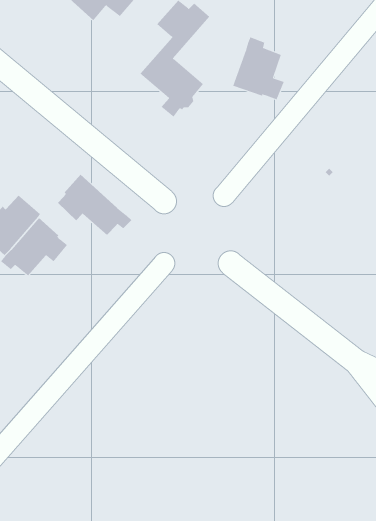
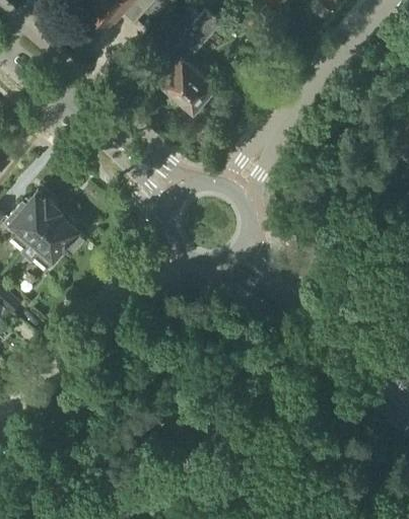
building: [232,36,284,100] -> none
building: [57,174,132,236] -> none

